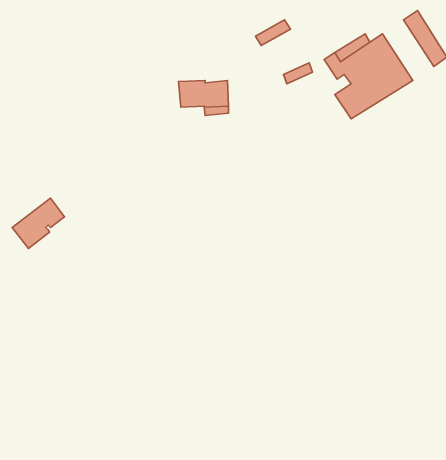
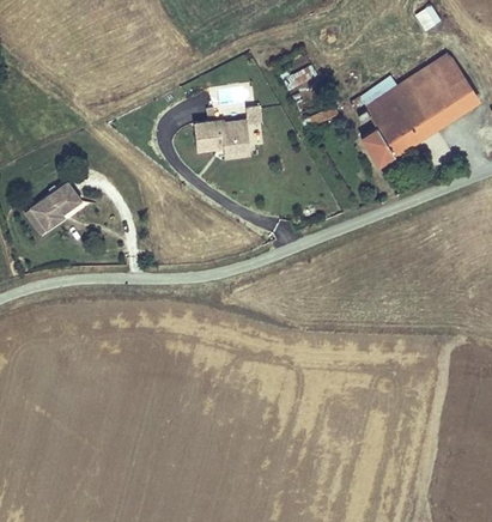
building: none -> [411,62,463,125]
building: [12,198,65,248] -> [29,183,83,235]

